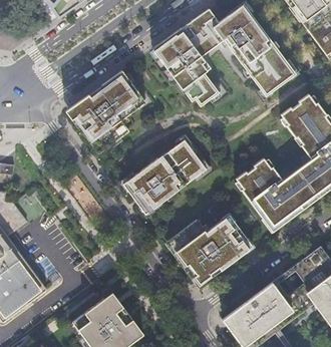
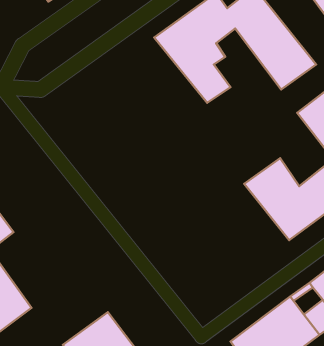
building: [73,74,145,151] -> none
building: [122,139,207,214] -> none
building: [170,215,253,280] -> none

